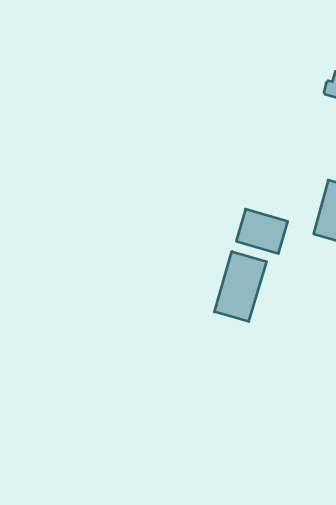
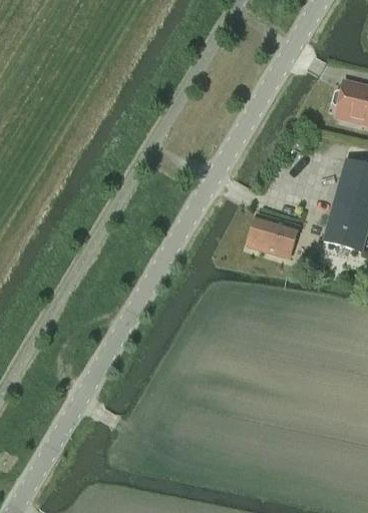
building: [214,251,267,322] -> none

